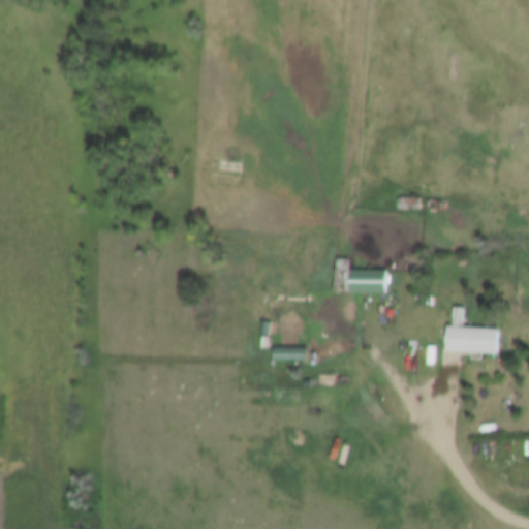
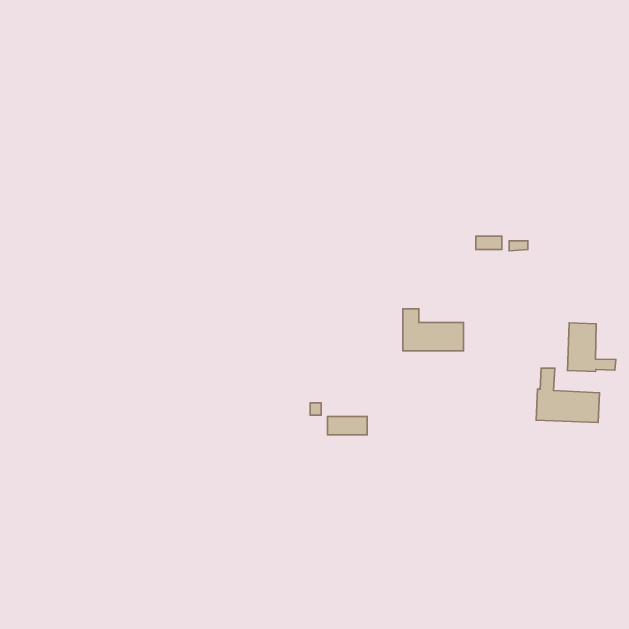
building: none -> [567,323,616,372]

